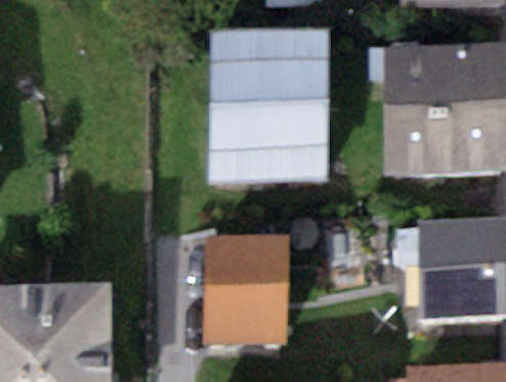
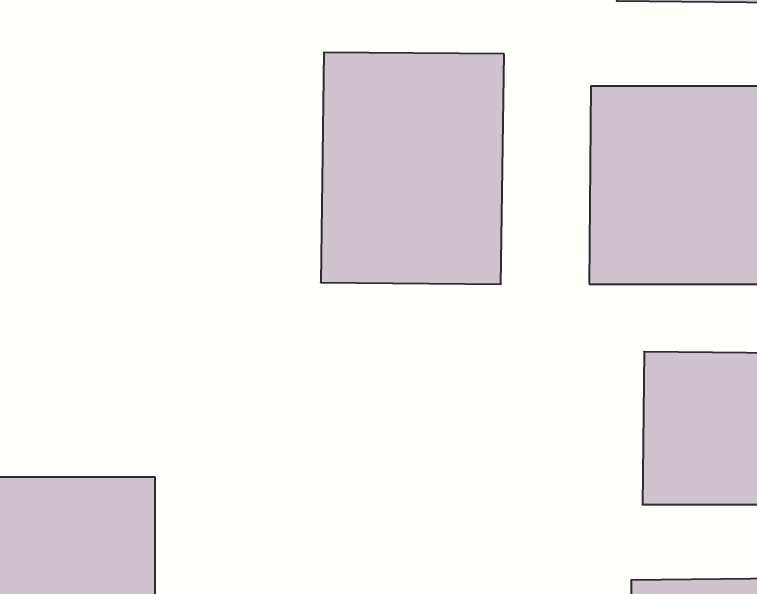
building: [204,247,289,349] -> none

